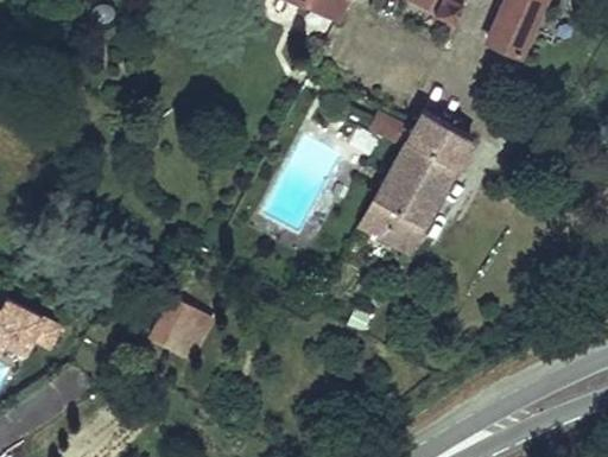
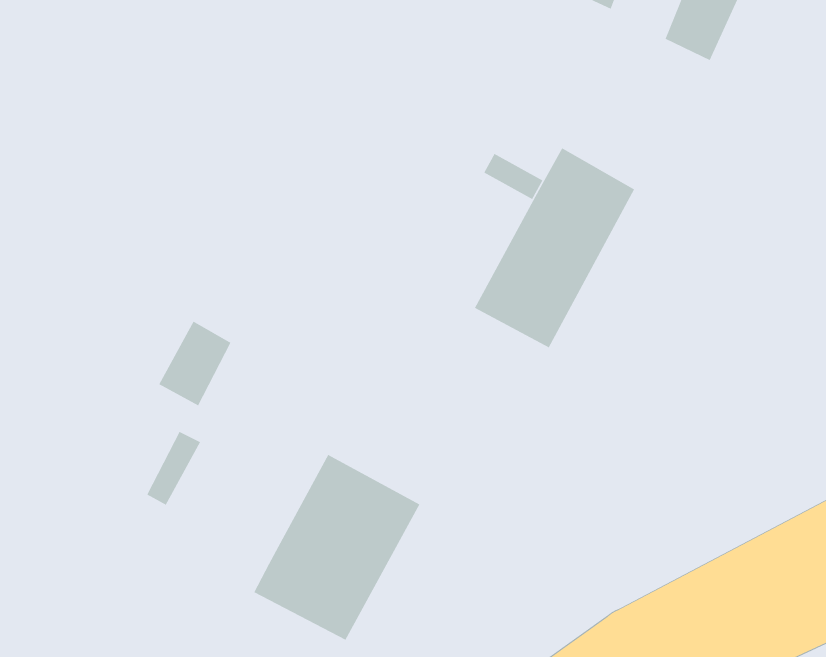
building: [165,304,213,360] -> [158,321,232,407]
building: none -> [253,454,420,641]

